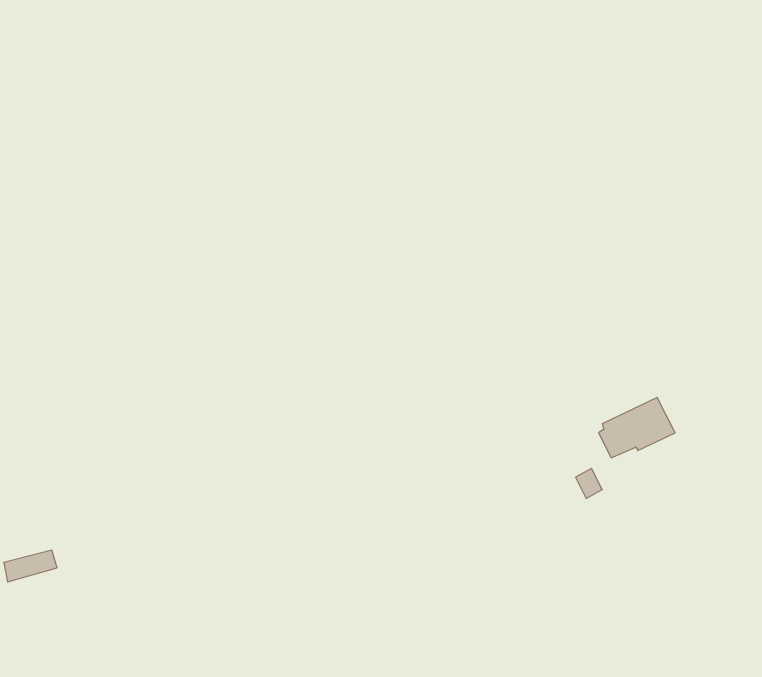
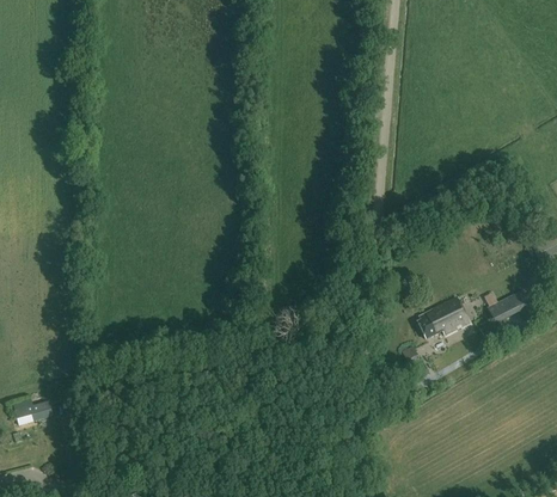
building: none -> [488,294,521,323]

